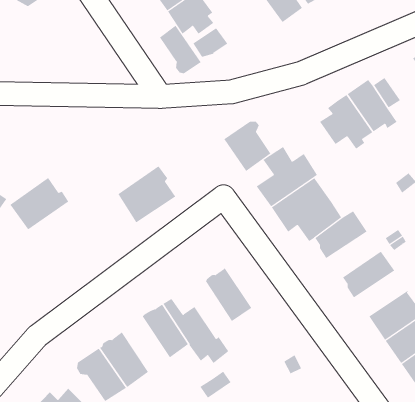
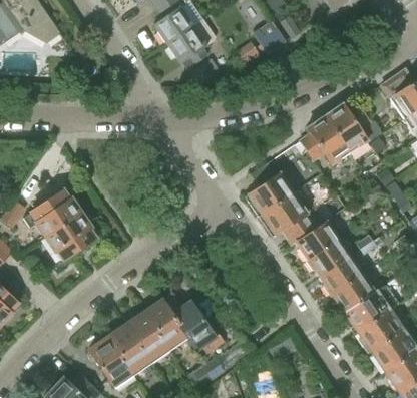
building: [159,25,201,74] -> none
building: [224,121,271,172] -> none
building: [117,165,176,223] -> [46,211,97,261]
building: none -> [306,237,354,277]
building: [205,266,252,322] -> [128,311,169,359]
building: none -> [330,271,377,311]

